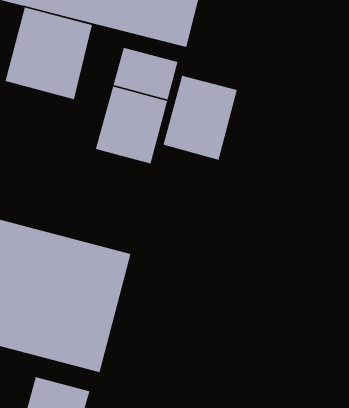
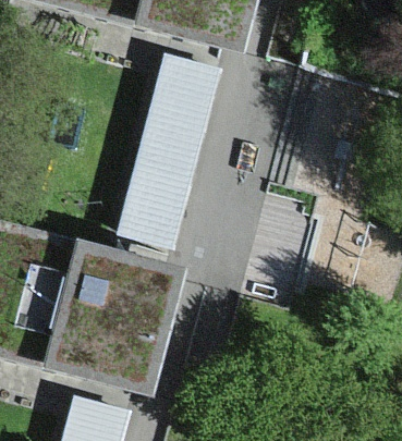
building: [5,7,93,100] -> none
building: [163,75,238,161] -> [117,160,195,249]

